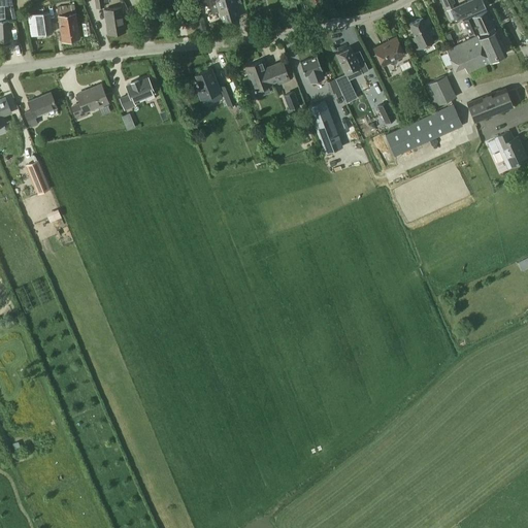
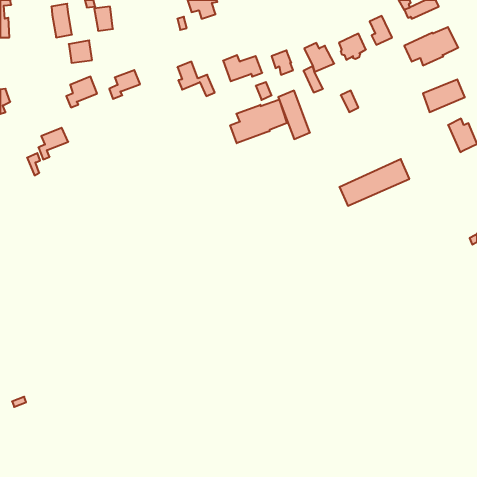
building: [463,8,494,33] -> none
building: [27,11,53,36] -> [69,40,92,63]
building: [425,75,456,106] -> none
building: [25,92,58,127] -> [38,128,68,159]
building: [385,104,462,156] -> [339,159,409,206]
building: none -> [230,99,287,143]

